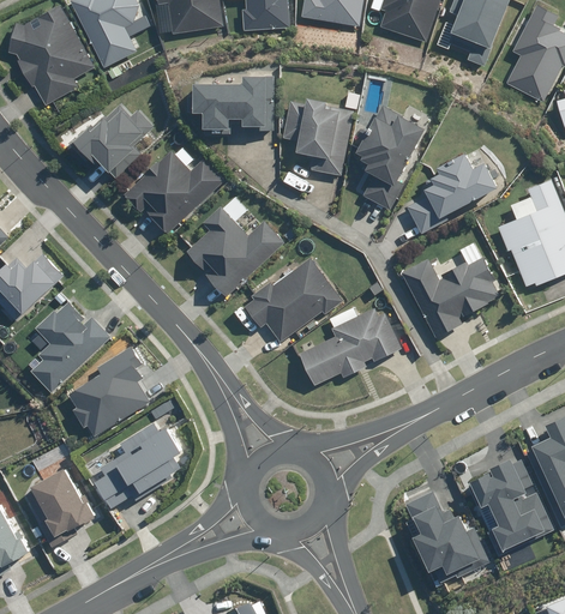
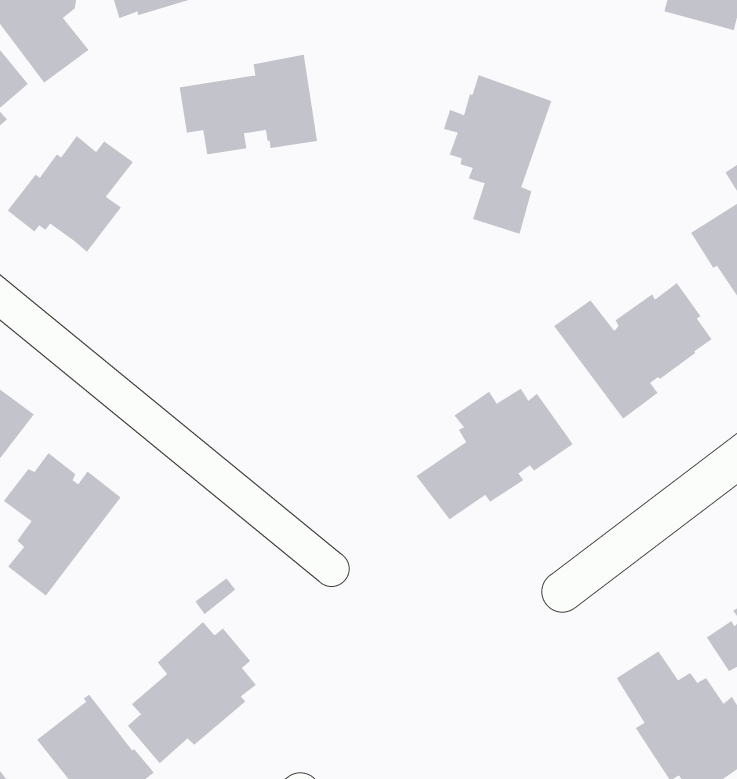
building: [280,97,351,175] -> none
building: [122,150,222,234] -> none
building: [405,152,498,233] -> none
building: [186,205,283,296] -> none
building: [245,257,343,342] -> none
building: [71,345,154,435] -> none

